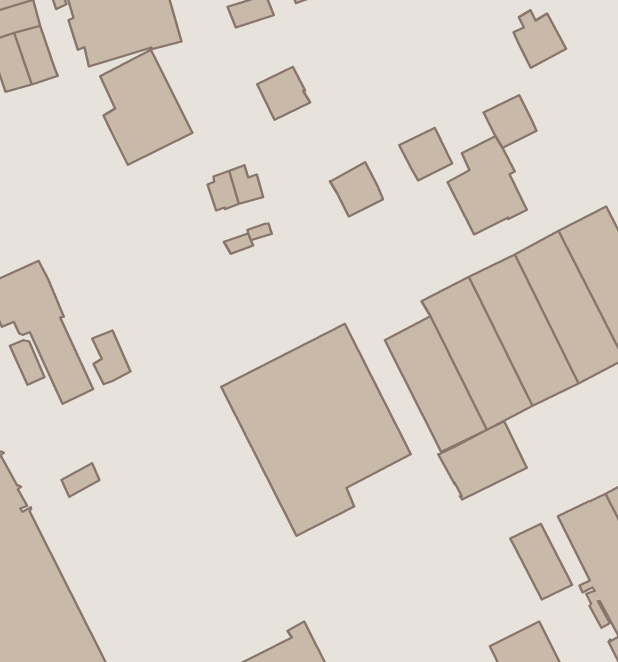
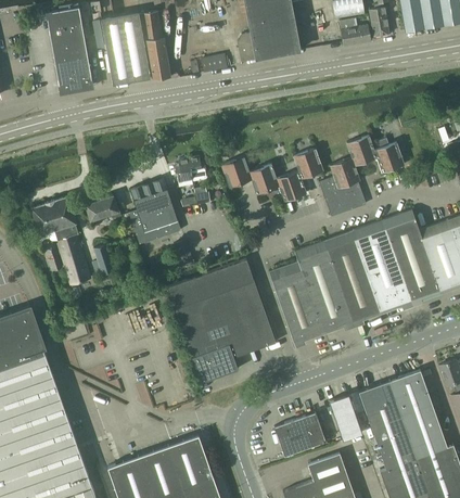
building: [514,10,566,68] -> [374,138,405,173]
building: [100,50,192,165] -> [129,177,181,244]
building: [257,67,310,120] -> [221,156,252,187]
building: none -> [277,170,307,201]
building: none -> [85,194,120,220]
building: [438,422,527,500] -> [273,412,325,456]

